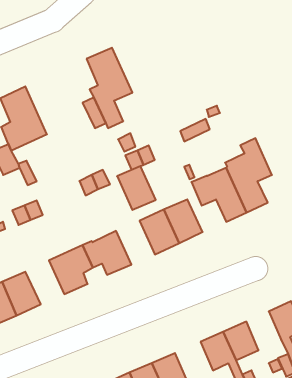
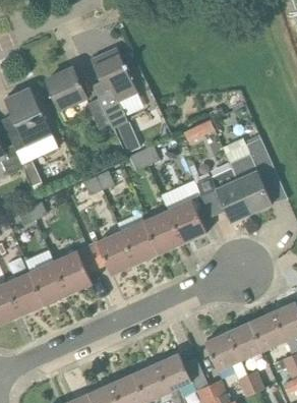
building: none -> [47,67,85,109]
building: [117,166,156,210] -> [120,221,159,265]
building: none -> [29,261,68,304]
building: none -> [250,311,285,350]

